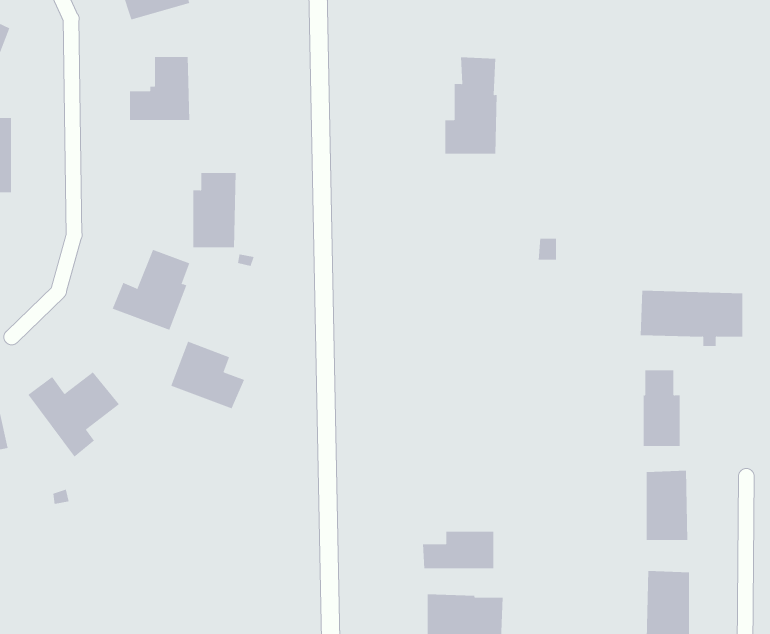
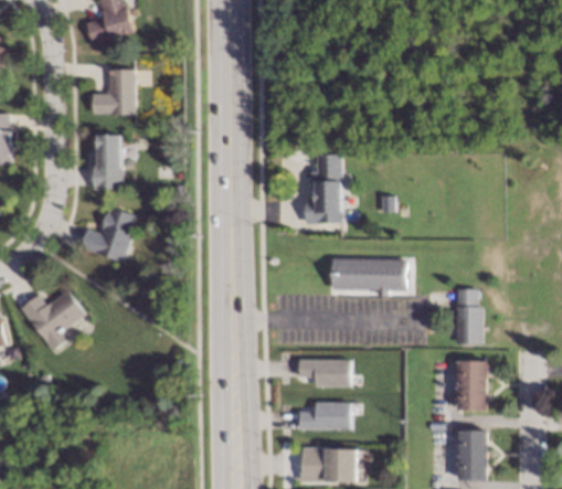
building: [444,57,498,154] -> [307,153,344,222]
building: [193,173,236,248] -> [93,134,124,187]
building: [640,290,743,347] -> [333,257,406,297]
building: [171,341,245,409] -> none
building: none -> [299,360,350,387]

